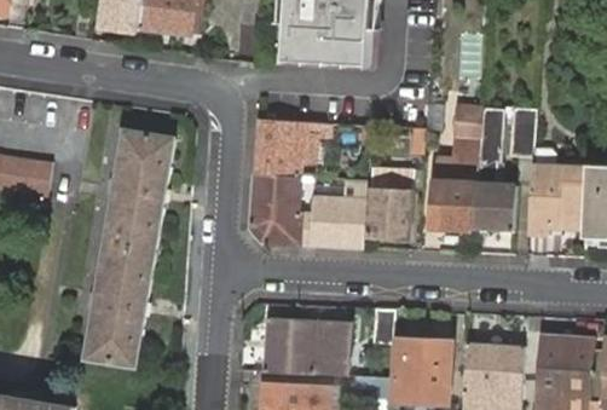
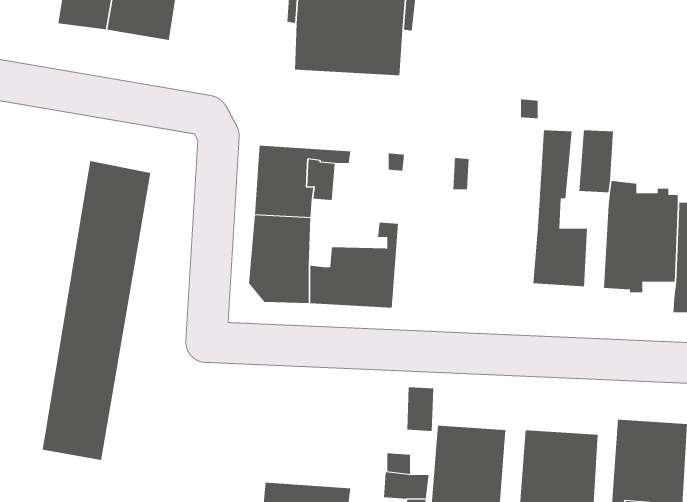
building: [429,105,480,227] -> none
building: [366,167,414,237] -> none
building: [262,317,348,375] -> none

